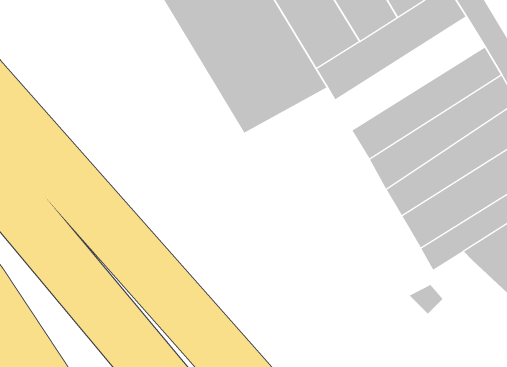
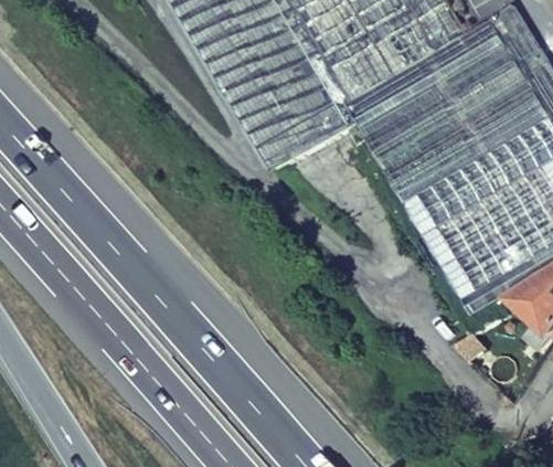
building: none -> [370,50,529,170]

